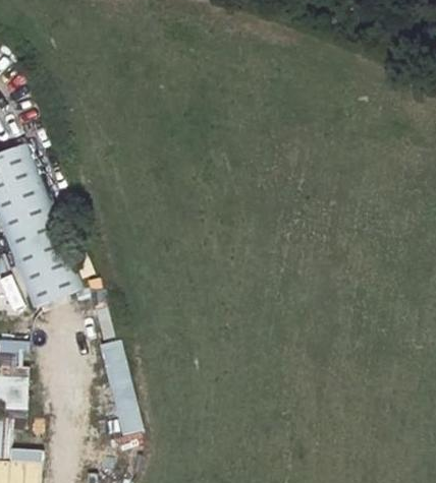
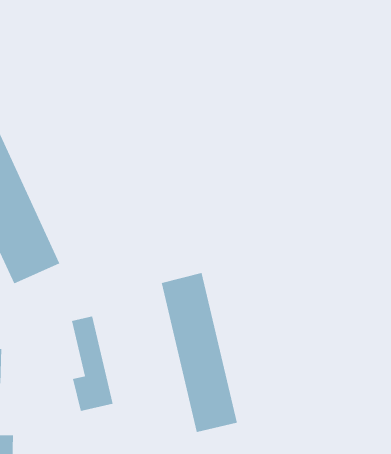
building: none -> [161,272,238,433]

